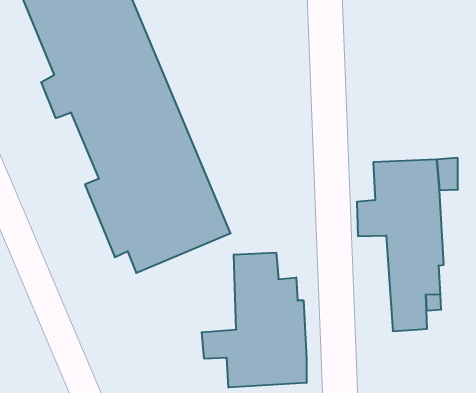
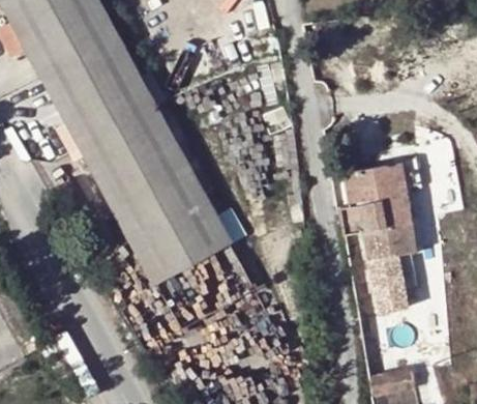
building: [202,253,307,388] -> none

